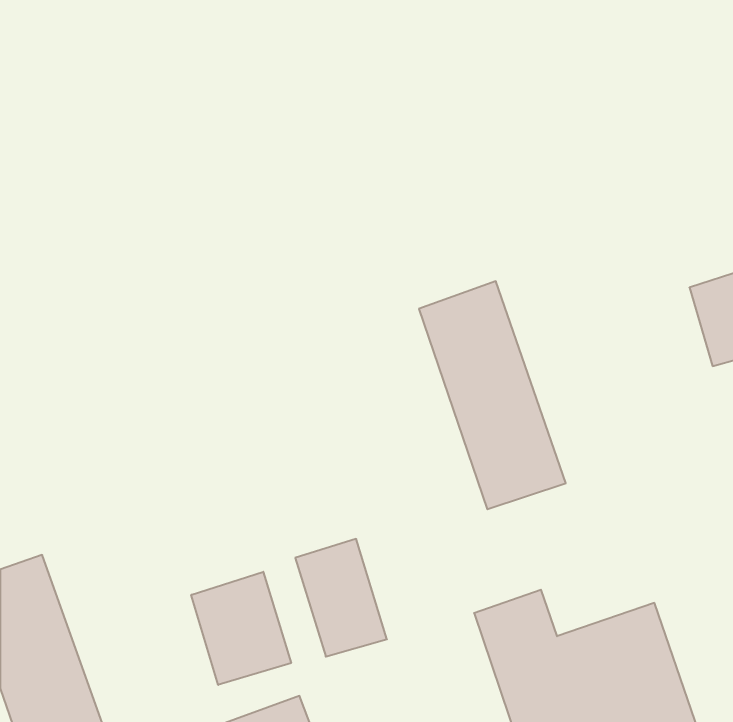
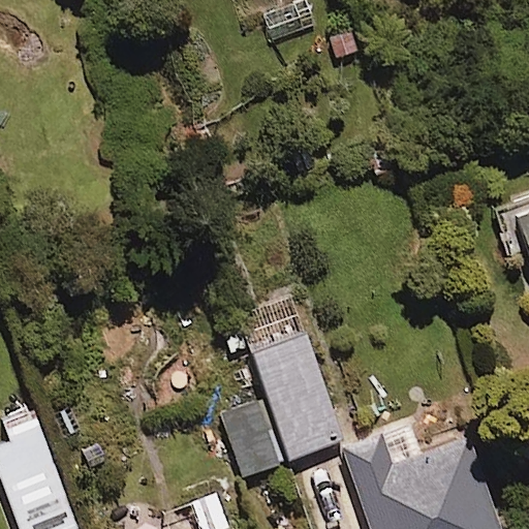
building: [419,281,566,509] -> [240,300,344,462]
building: [191,572,291,685] -> none

